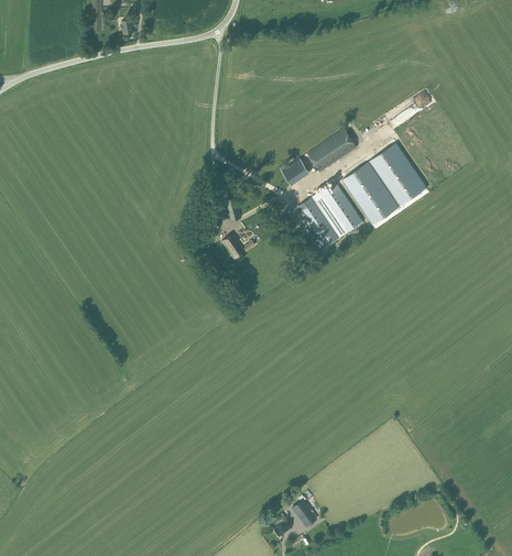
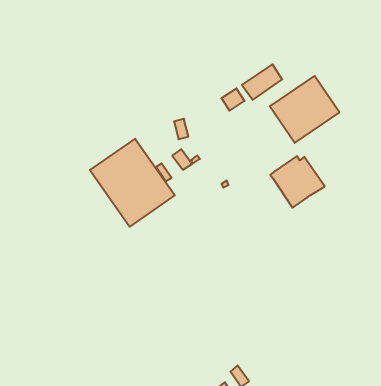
building: [295,184,362,248] -> [270,156,325,208]
building: none -> [90,139,175,227]

